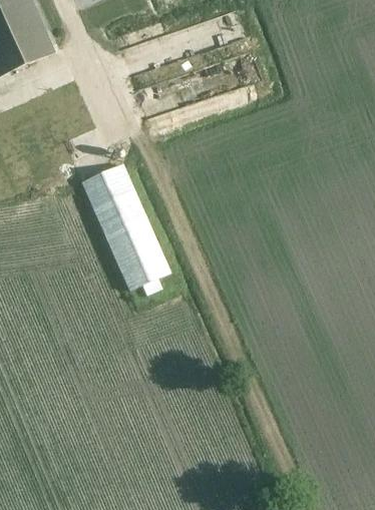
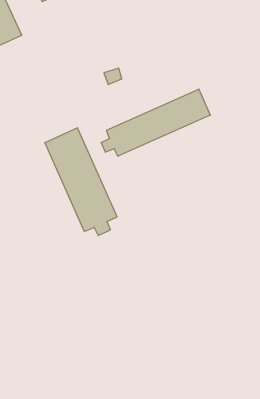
building: none -> [101,89,210,156]

